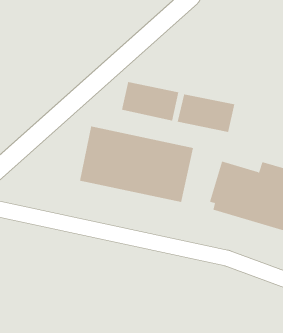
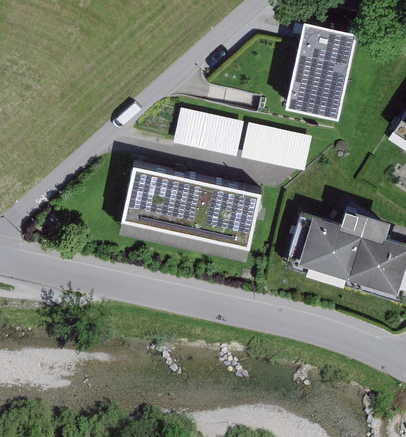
building: none -> [285,21,357,119]

